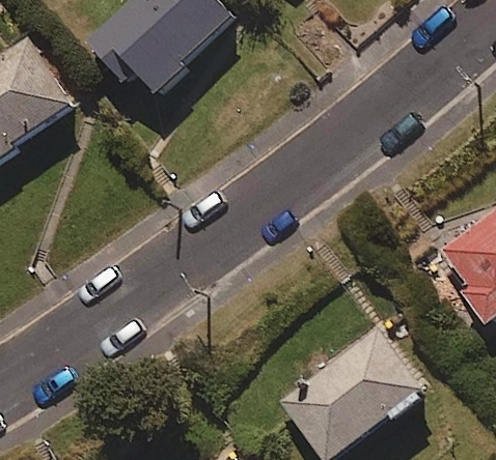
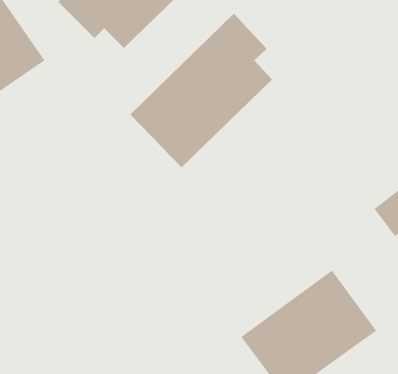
building: none -> [130,13,273,168]

